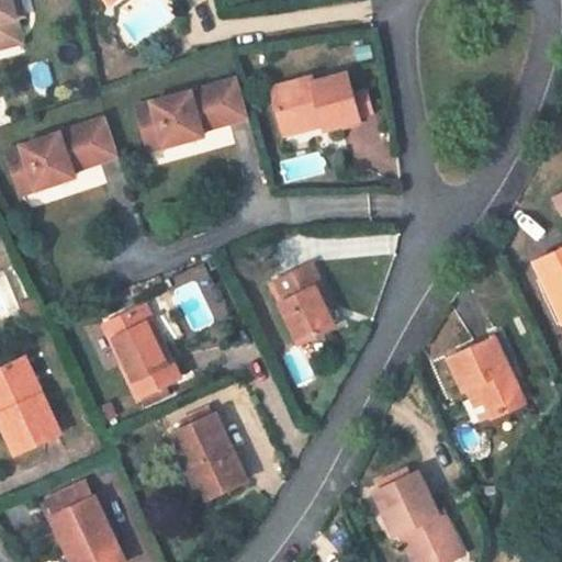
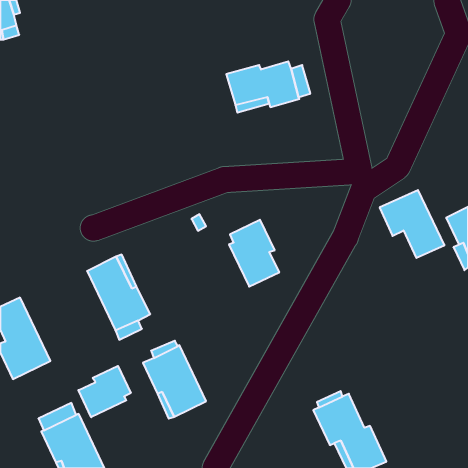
building: [136,78,248,150] -> none
building: [7,117,119,195] -> none
building: [448,337,526,418] -> [380,190,445,258]
building: none -> [78,366,131,417]

